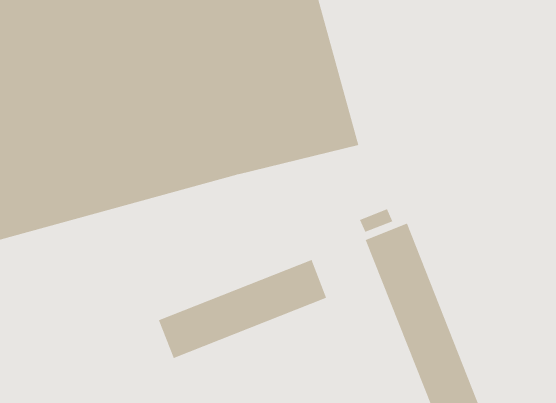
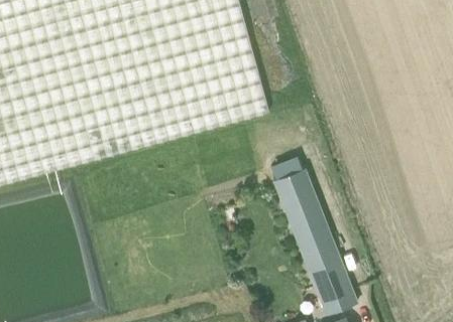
building: [158,259,327,359] -> none

